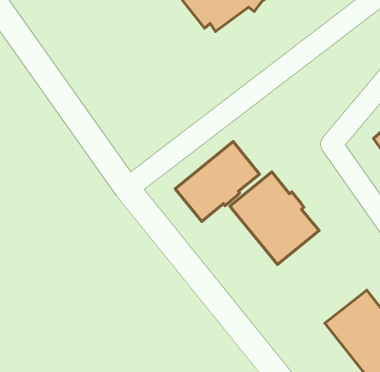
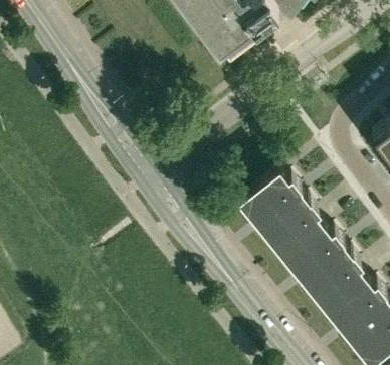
building: [175,141,260,222] -> none
building: none -> [283,228,365,312]

